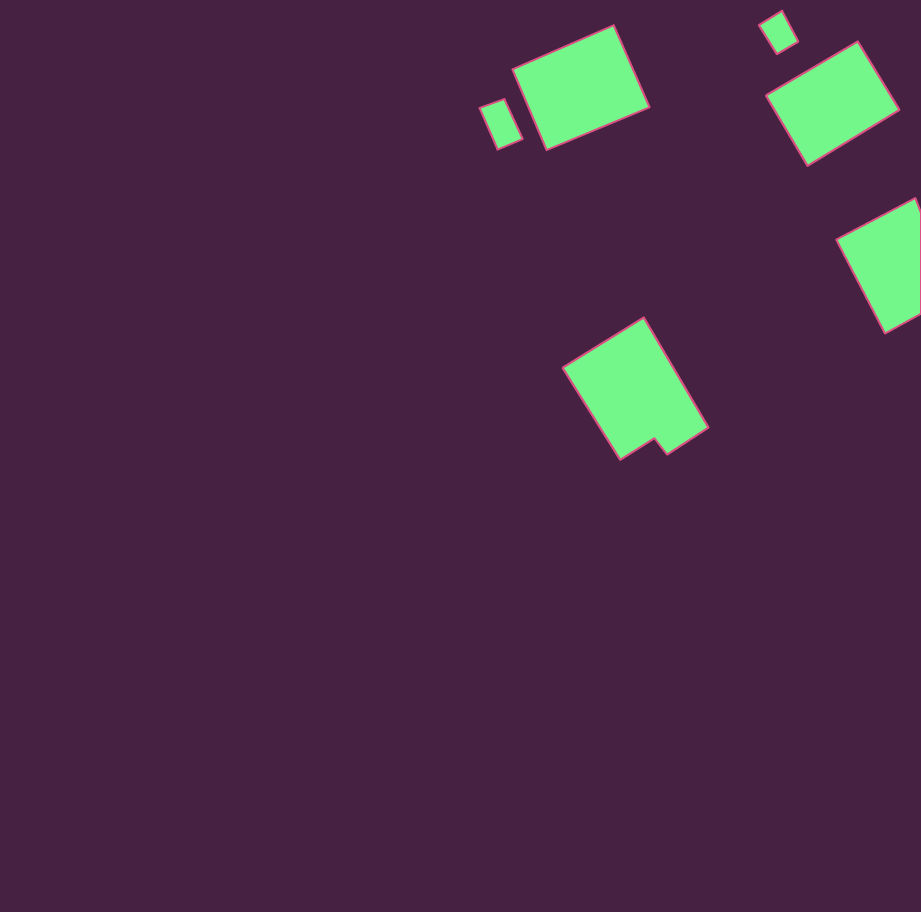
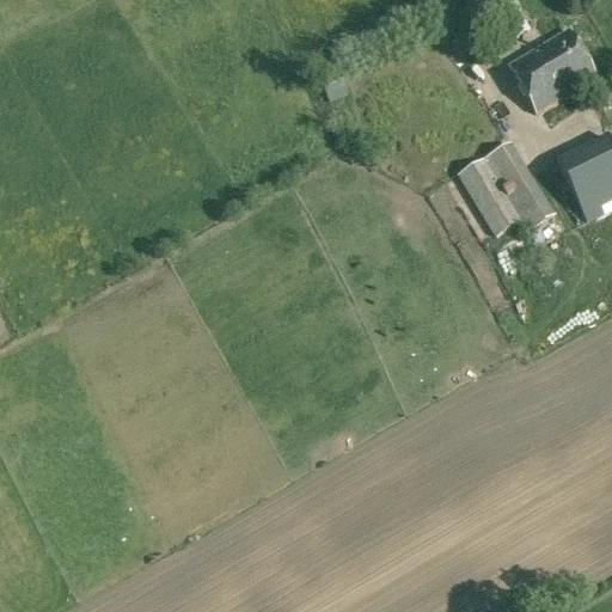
building: [513,25,649,150] -> none
building: [563,317,709,460] -> [457,140,553,234]

